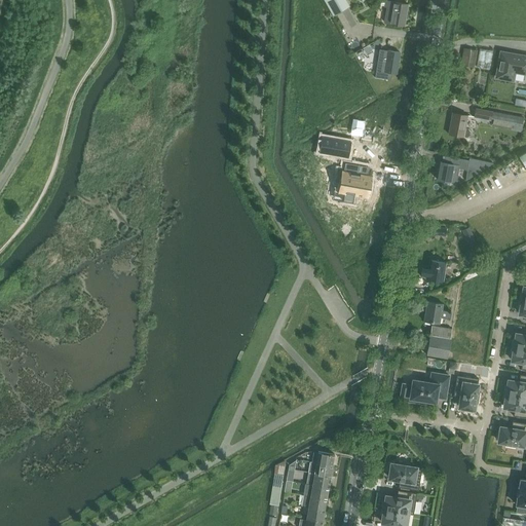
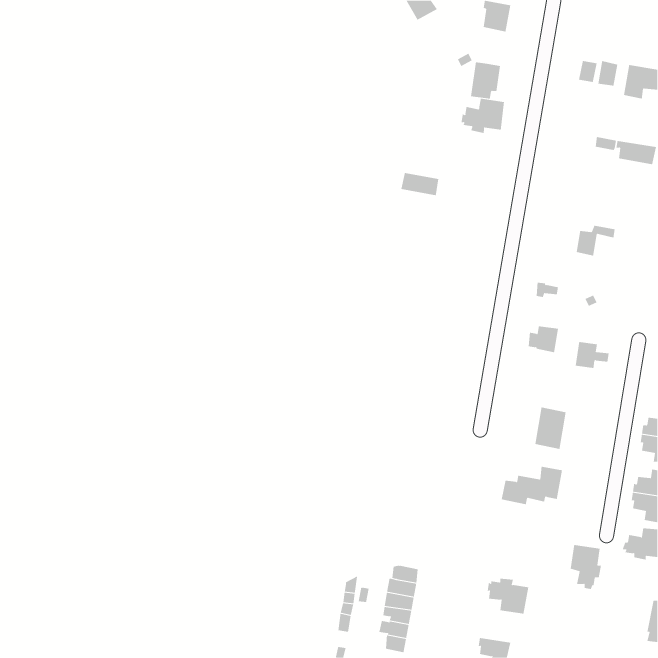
building: none -> [461,98,505,134]
building: [448,112,469,137] -> none
building: [437,157,468,182] -> [576,225,616,256]
building: [337,159,371,200] -> none
building: [424,302,452,324] -> [575,341,609,369]
building: [454,375,480,411] -> [570,544,602,590]
building: [382,490,417,514] -> none

